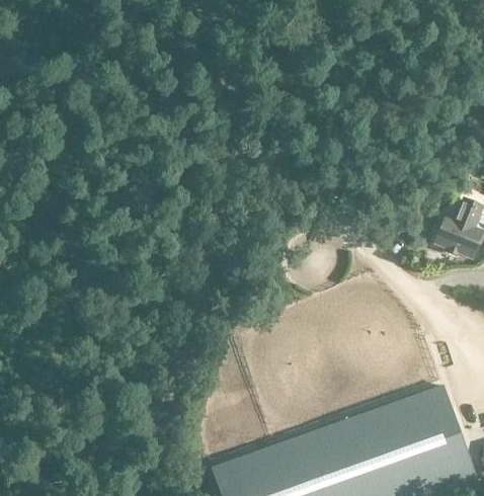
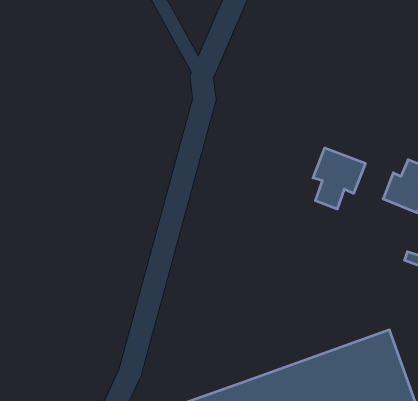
building: none -> [313,148,365,209]

